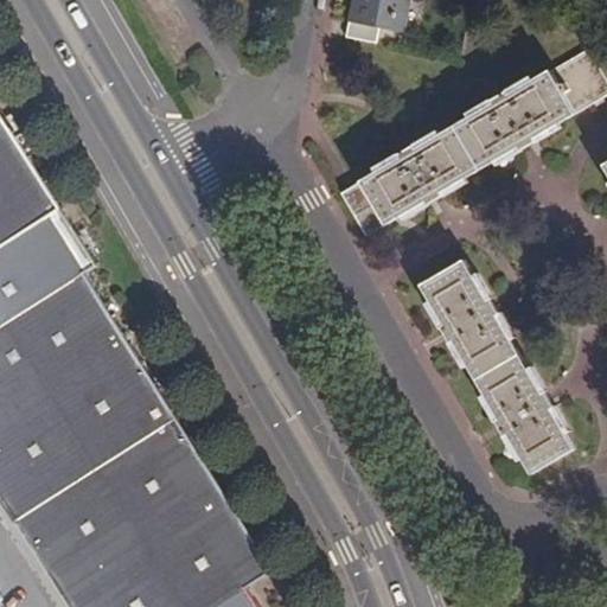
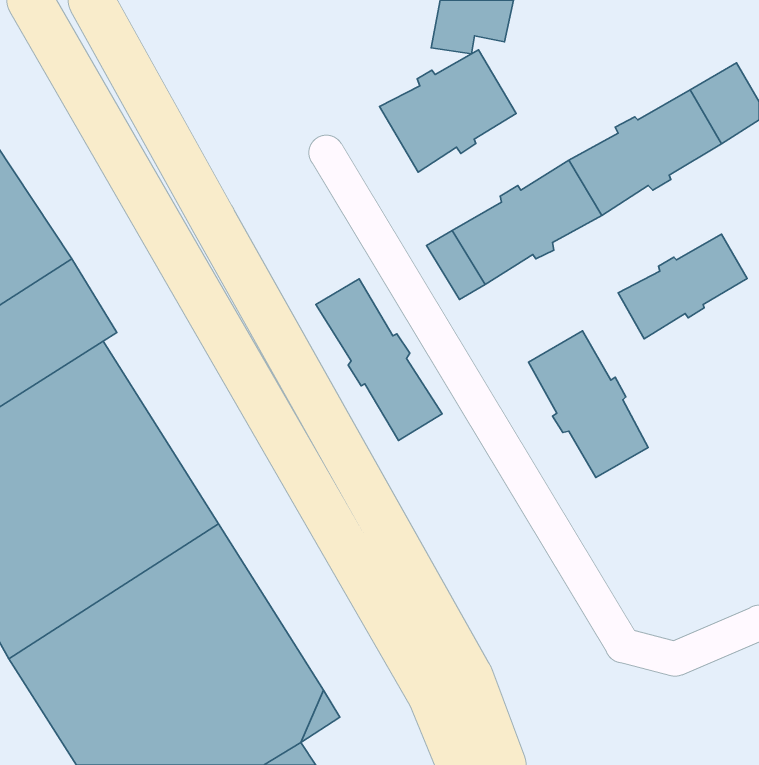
building: none -> [380,50,516,172]
building: none -> [618,234,747,339]
building: none -> [316,279,442,441]
building: [472,354,569,474] -> none

